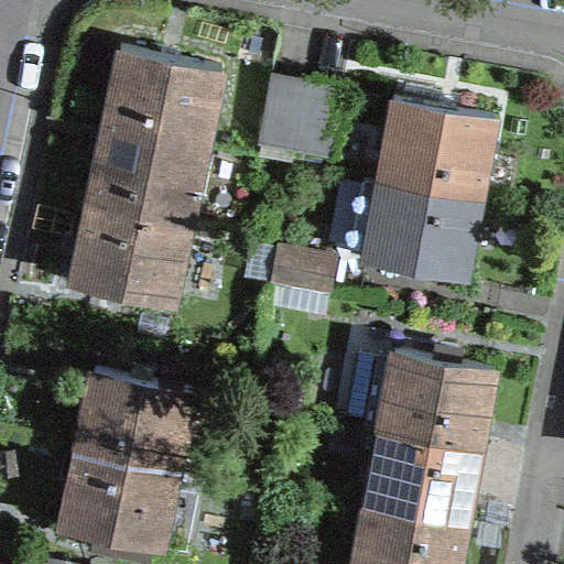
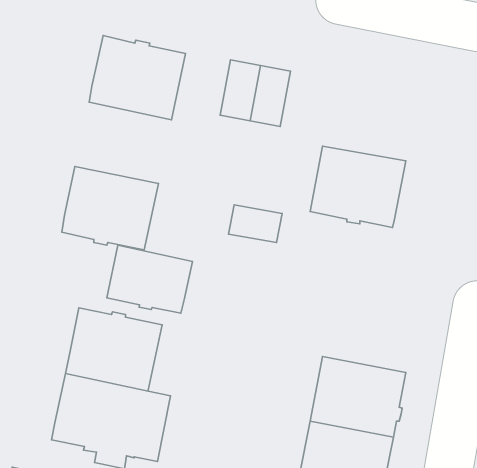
building: [377,104,494,203] -> none
building: [88,132,202,228] -> none
building: none -> [107,245,192,313]
building: [346,354,491,451] -> none

